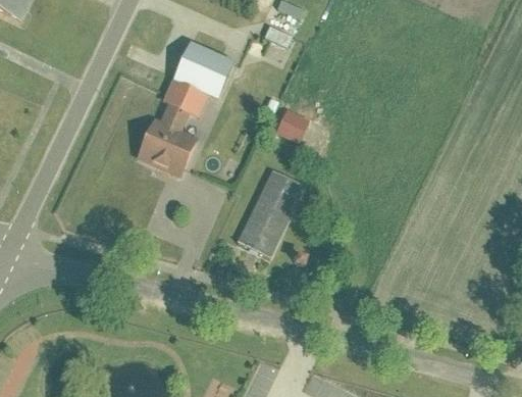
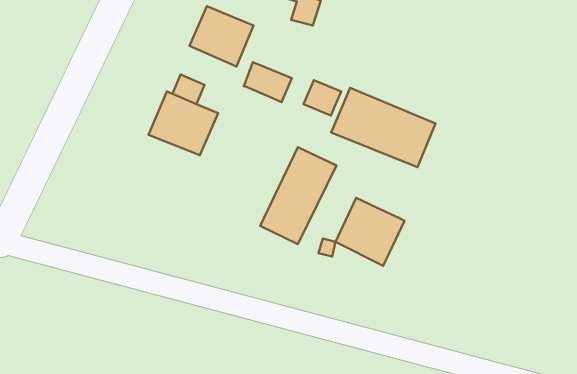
building: [163,81,206,116] -> [244,62,292,102]
building: none -> [331,88,435,167]
building: none -> [336,198,405,266]

